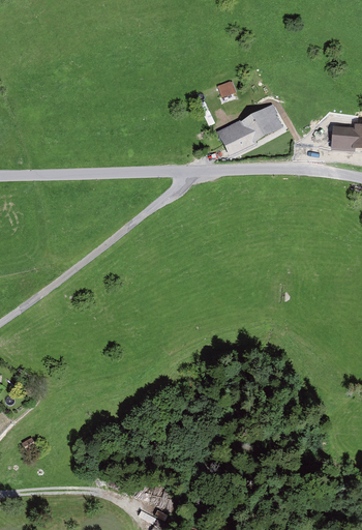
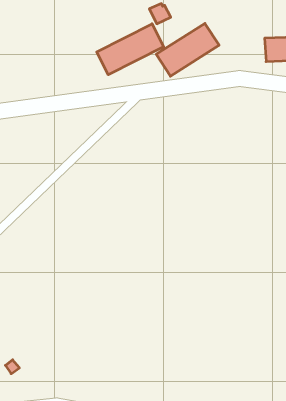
building: none -> [97,24,164,75]

